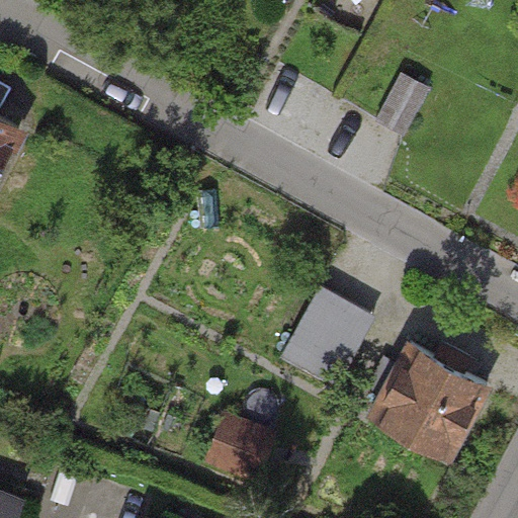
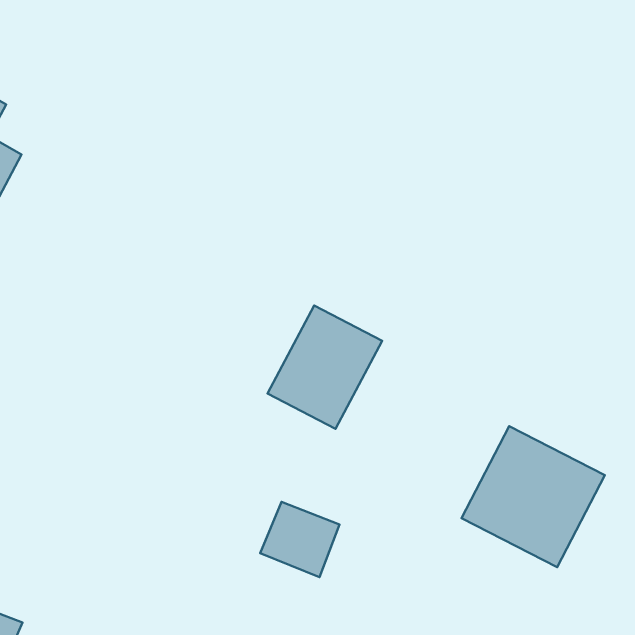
building: [281,286,373,385] -> [268,306,382,429]

